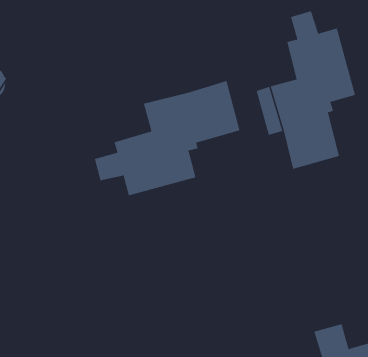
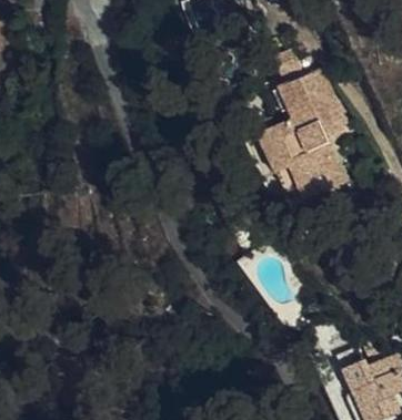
building: [94,80,240,196] -> none

